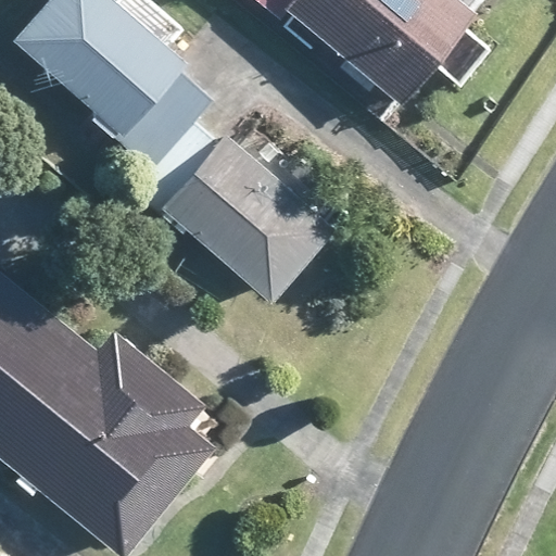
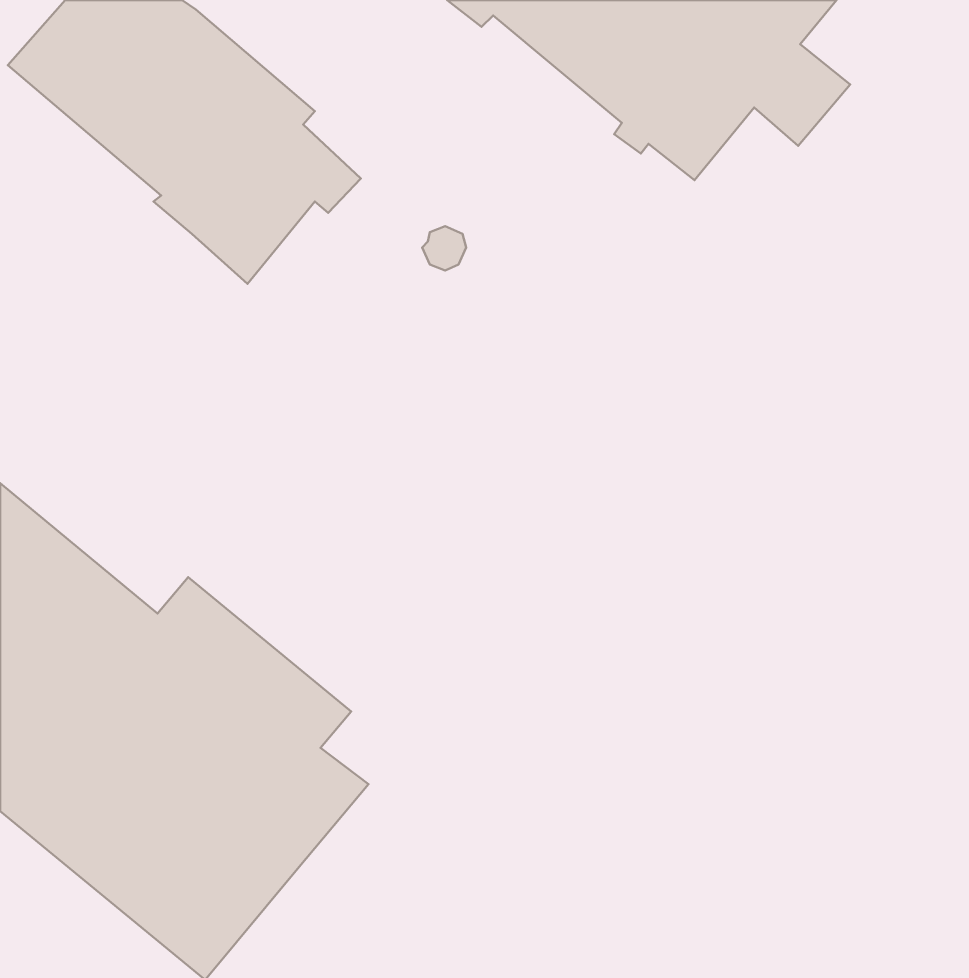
building: [128,115,331,303] -> none

